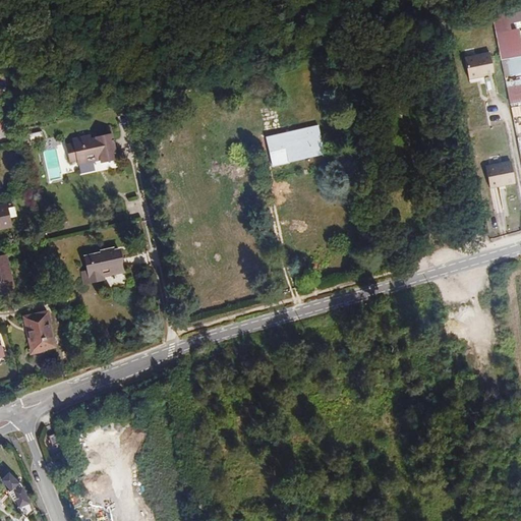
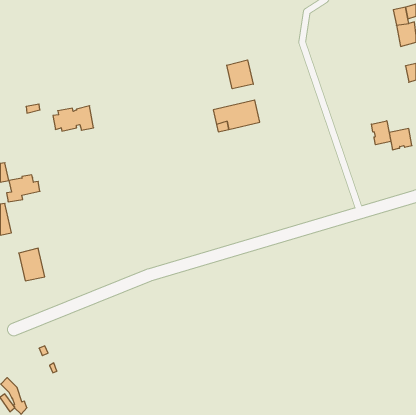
building: [466,54,494,79] -> none
building: none -> [227,60,253,89]
building: none -> [371,121,391,145]
building: [82,248,124,282] -> [7,175,40,202]

